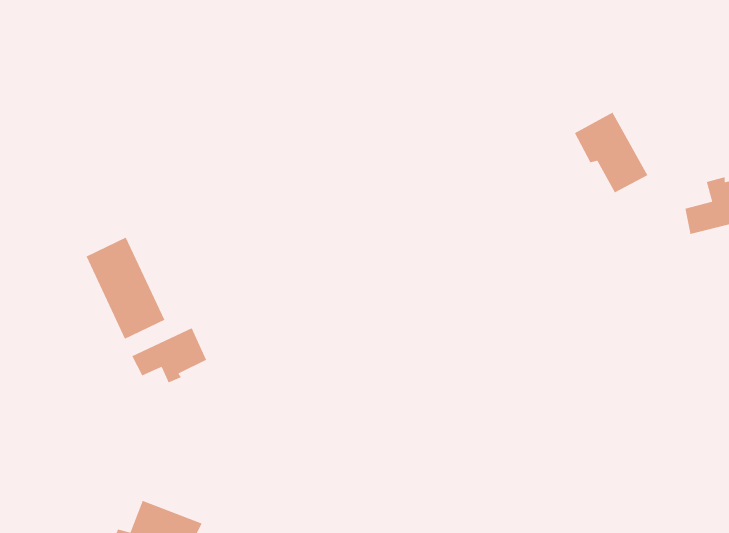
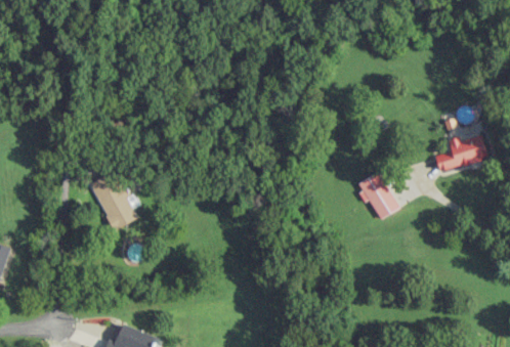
building: [574,112,648,193] -> [356,173,399,220]
building: [131,327,207,384] -> none

